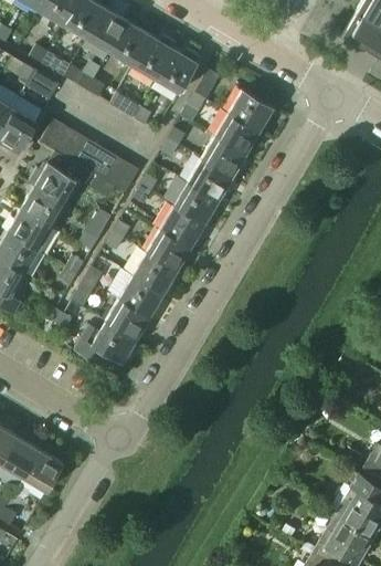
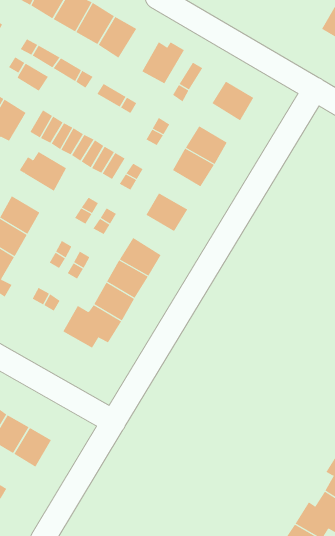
building: [131,34,177,80] -> none
building: [214,113,257,154] -> none
building: [172,182,216,223] -> none
building: [20,186,64,227] -> none
building: [146,229,189,271] -> none

